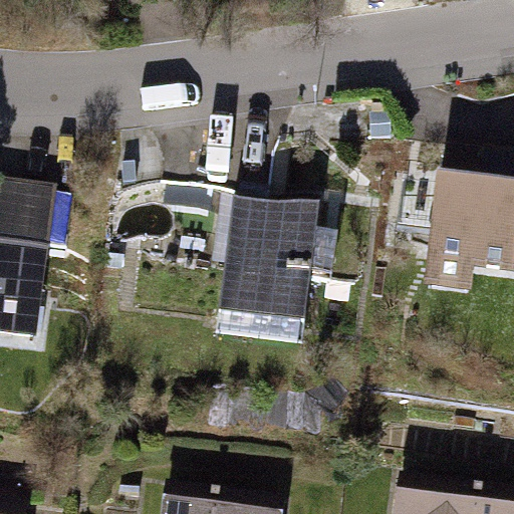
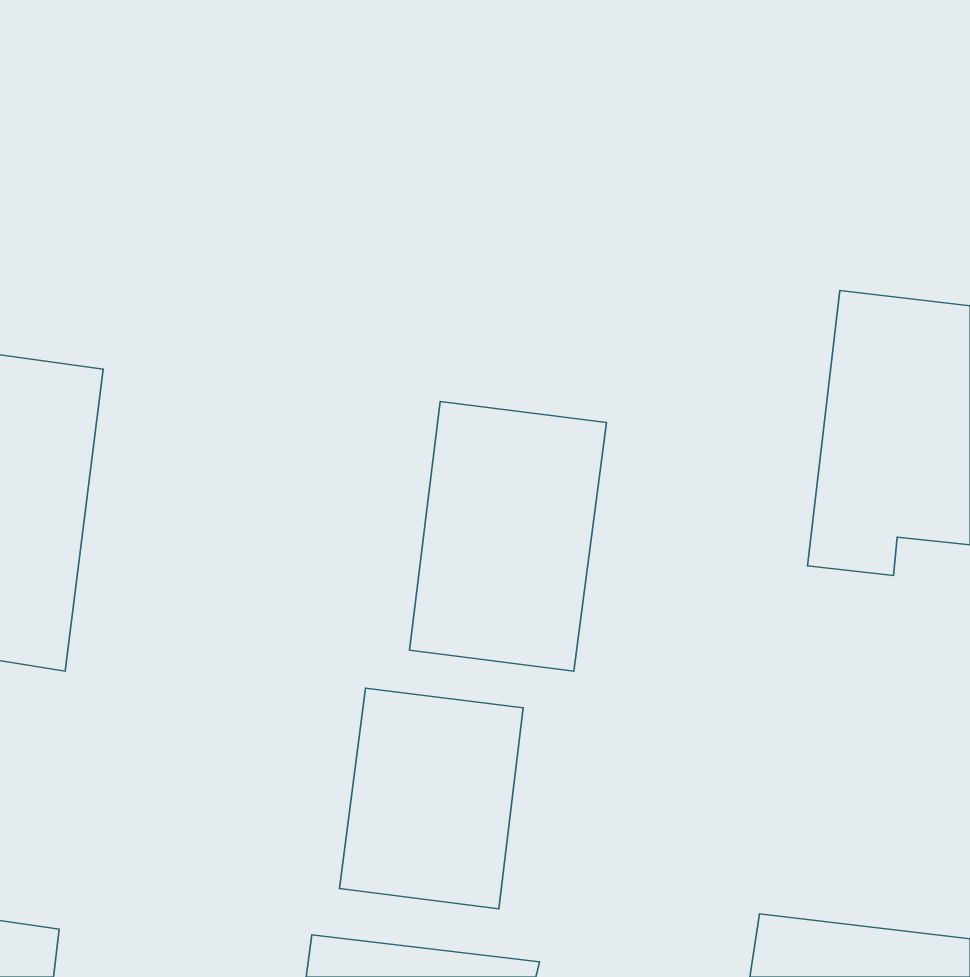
building: none -> [339,688,523,909]

